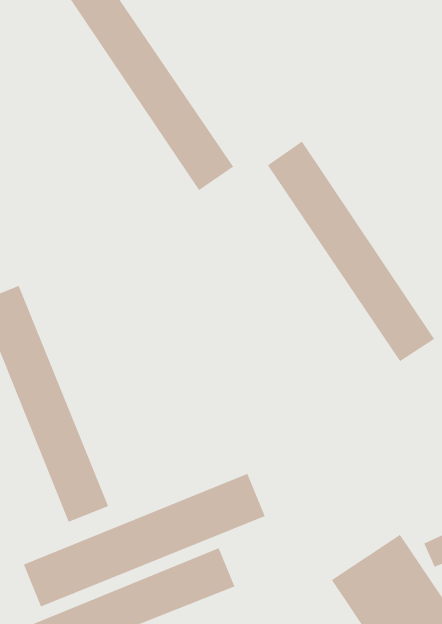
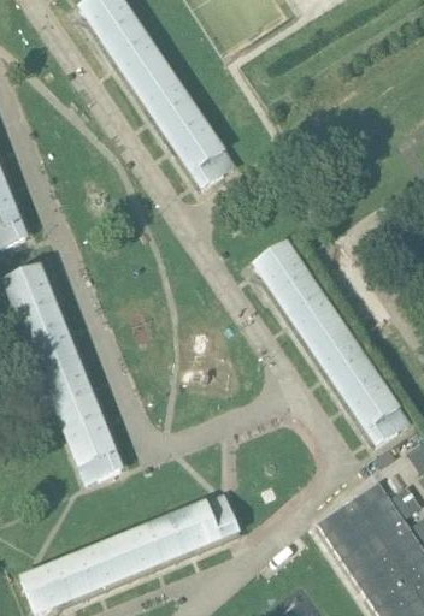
building: [267,141,435,362] -> [257,243,406,439]
building: [23,473,266,607] -> none

